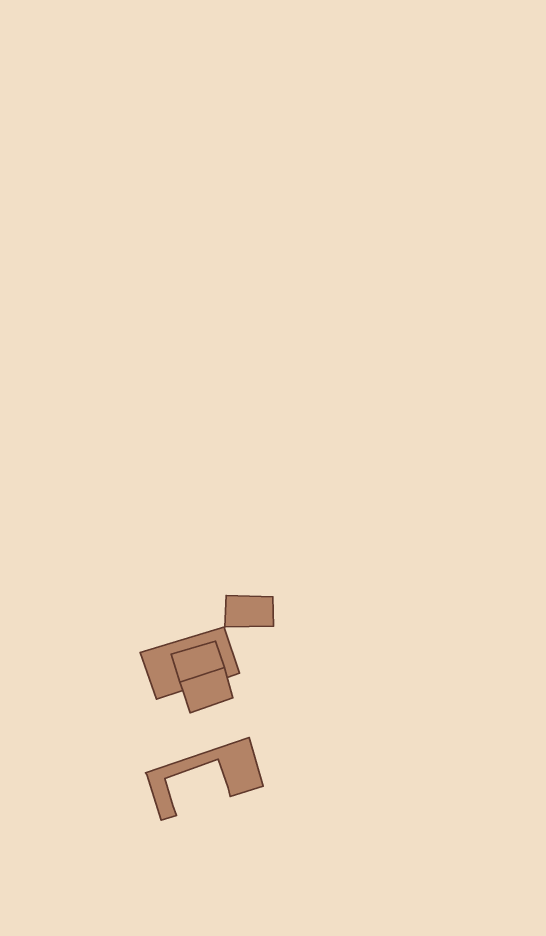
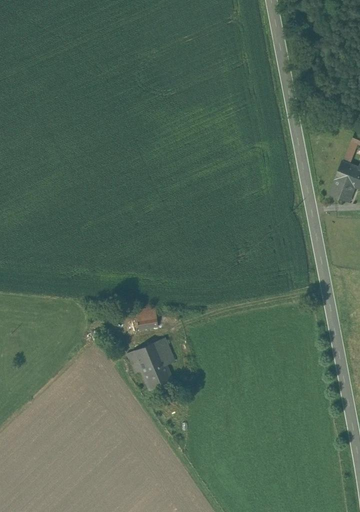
building: [225,596,274,627] -> [131,313,157,331]
building: [145,738,263,820] -> none

